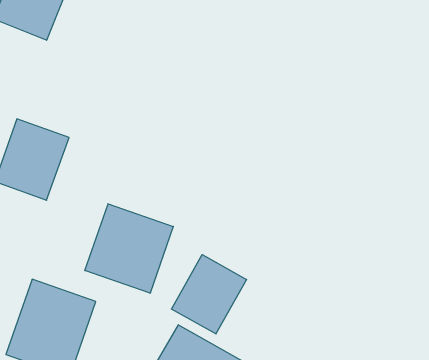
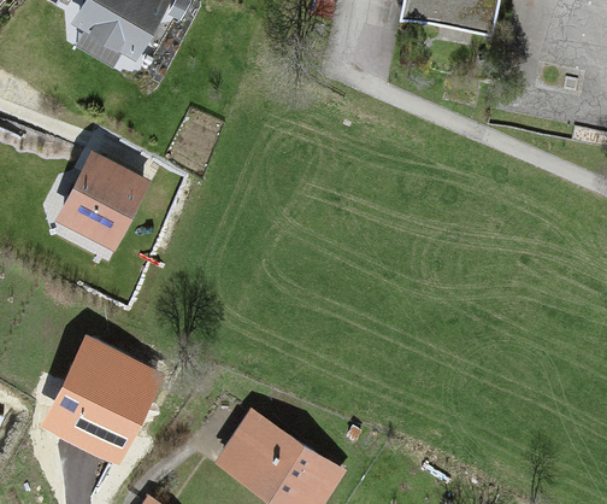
building: [85,204,173,293] -> none
building: [171,255,247,334] -> none

